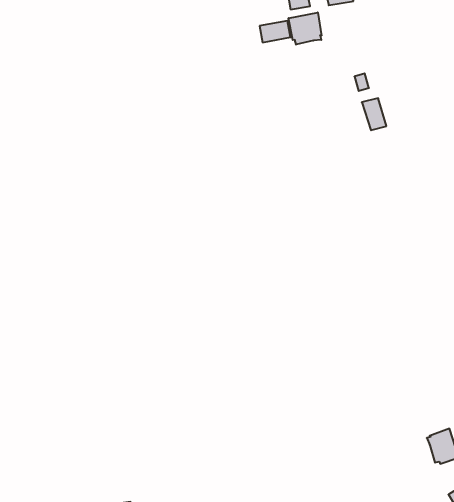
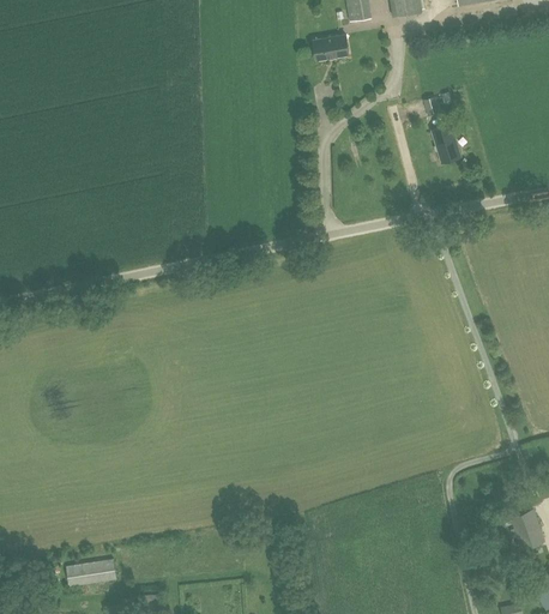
building: [289,12,321,45] -> none
building: none -> [66,559,117,586]

